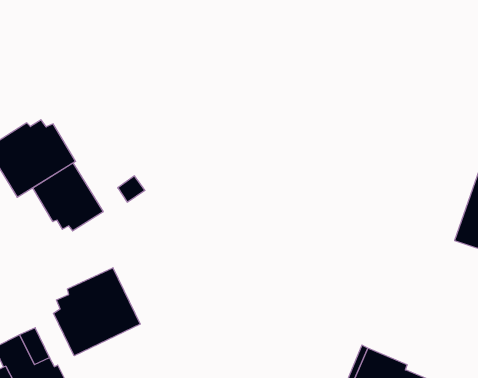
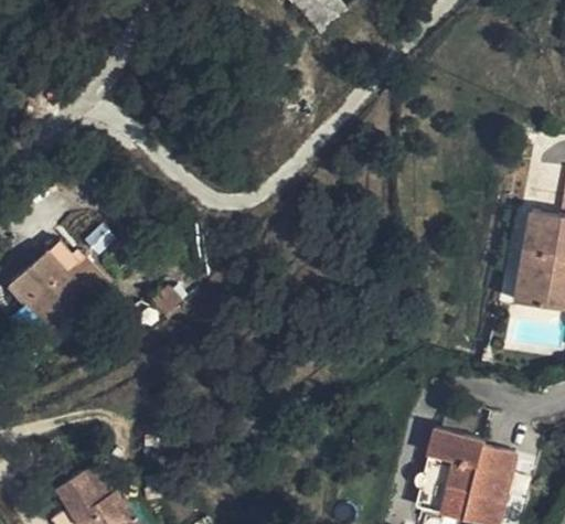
building: [33,163,103,231] -> none
building: [53,268,140,356] -> none

